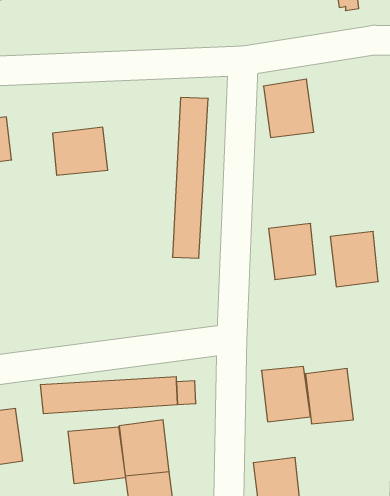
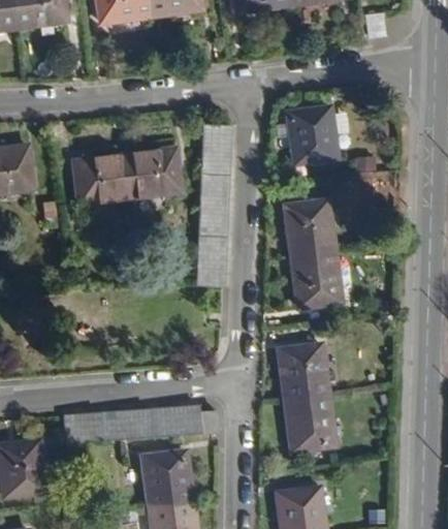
building: none -> [126,148,182,197]
building: [330,231,378,287] -> [287,200,335,256]
building: [305,369,353,424] -> [280,344,328,400]
building: [68,427,125,484] -> none

